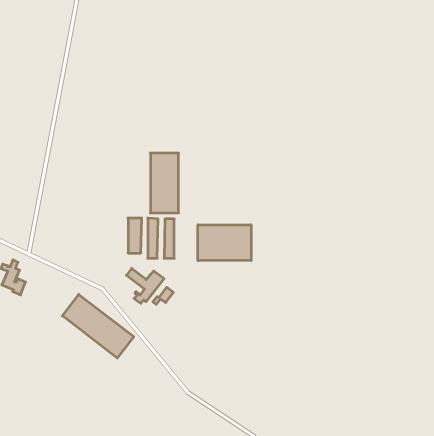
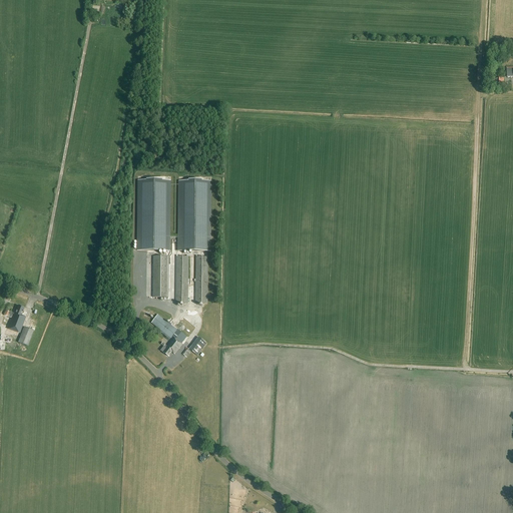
building: none -> [137,179,170,249]
building: [198,225,251,261] -> none
building: [62,294,134,358] -> none

